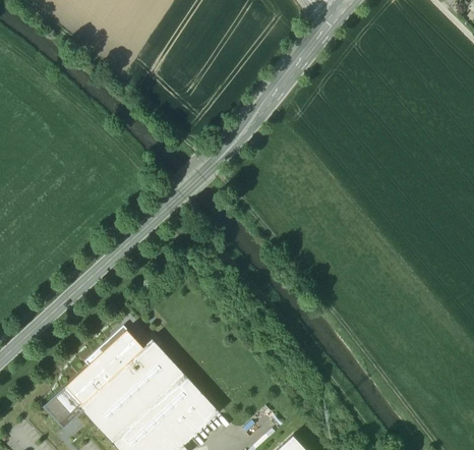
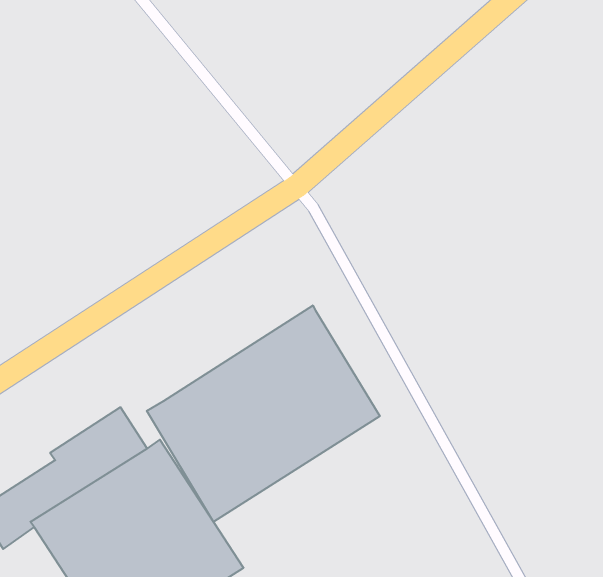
building: none -> [147,305,380,522]

